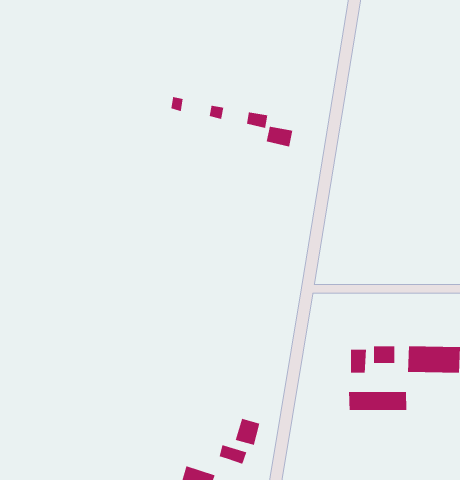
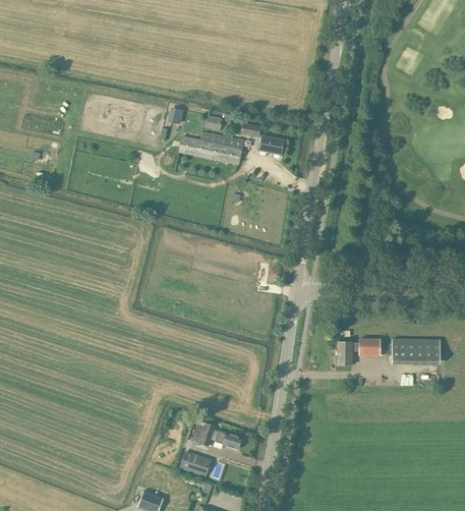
building: none -> [178,134,244,164]
building: [348,391,407,411] -> none
building: [235,418,260,446] -> [192,419,216,445]

